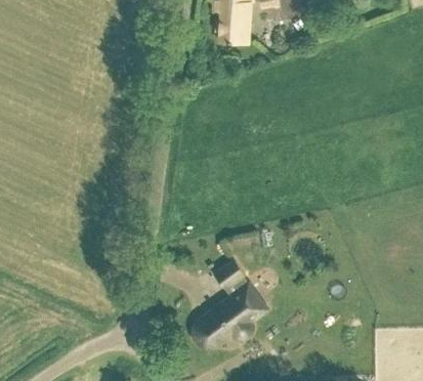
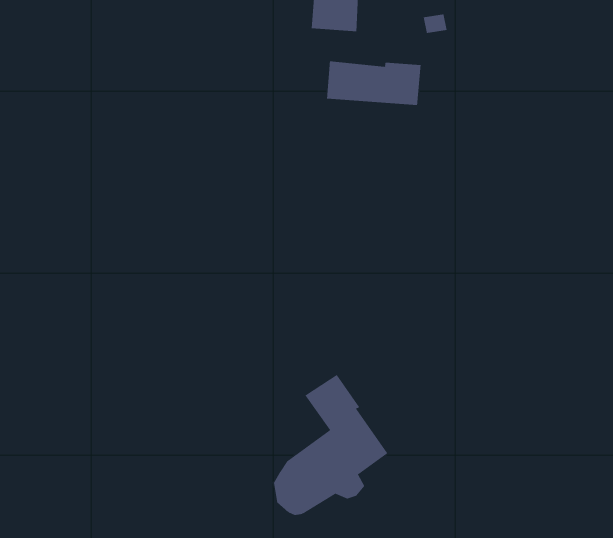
building: none -> [326,60,421,106]

